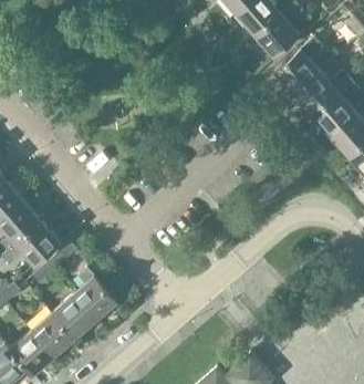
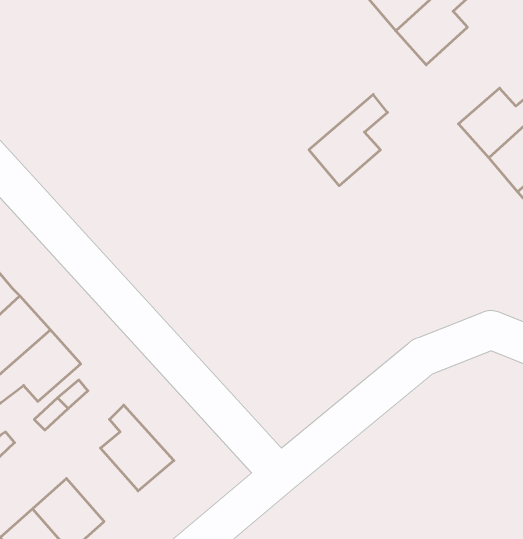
building: [274,37,323,93] -> [309,94,388,186]
building: [51,293,95,339] -> none

